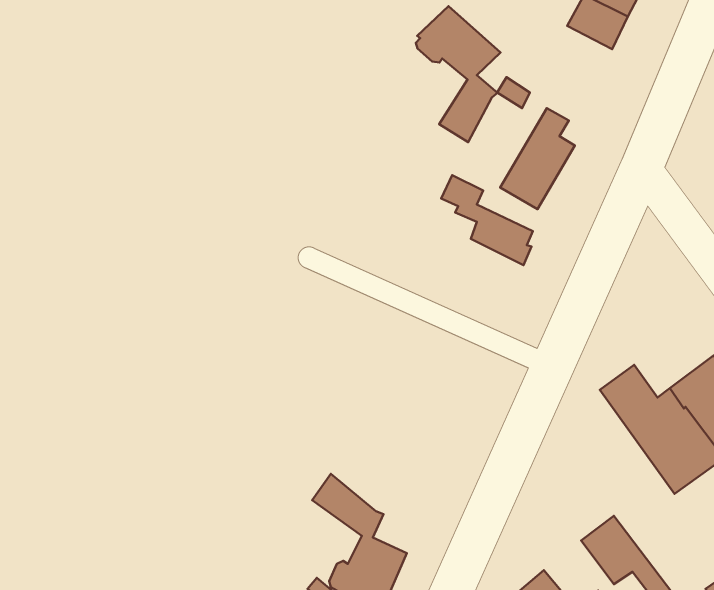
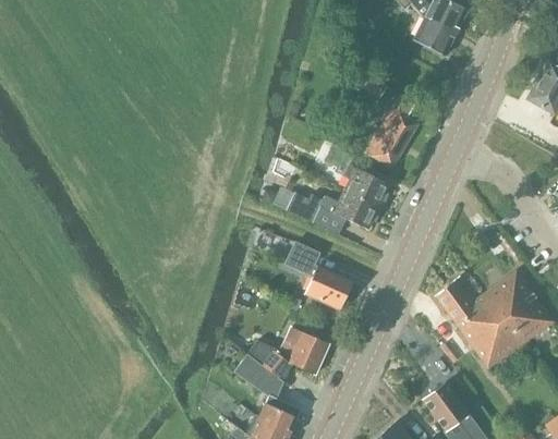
building: [416,6,500,142] -> none
building: none -> [274,190,383,235]
building: none -> [286,242,351,308]
building: none -> [247,328,329,382]

